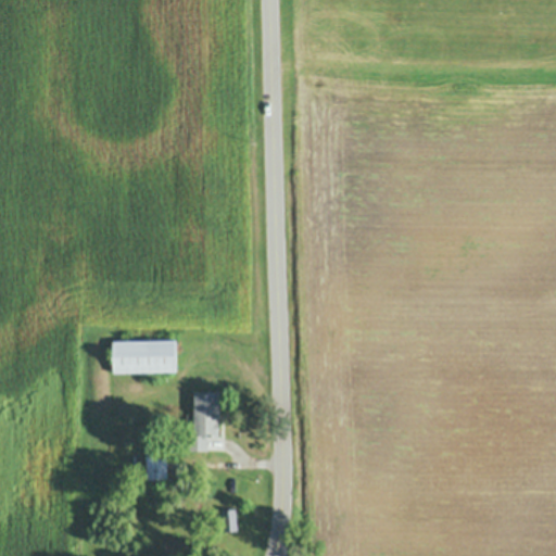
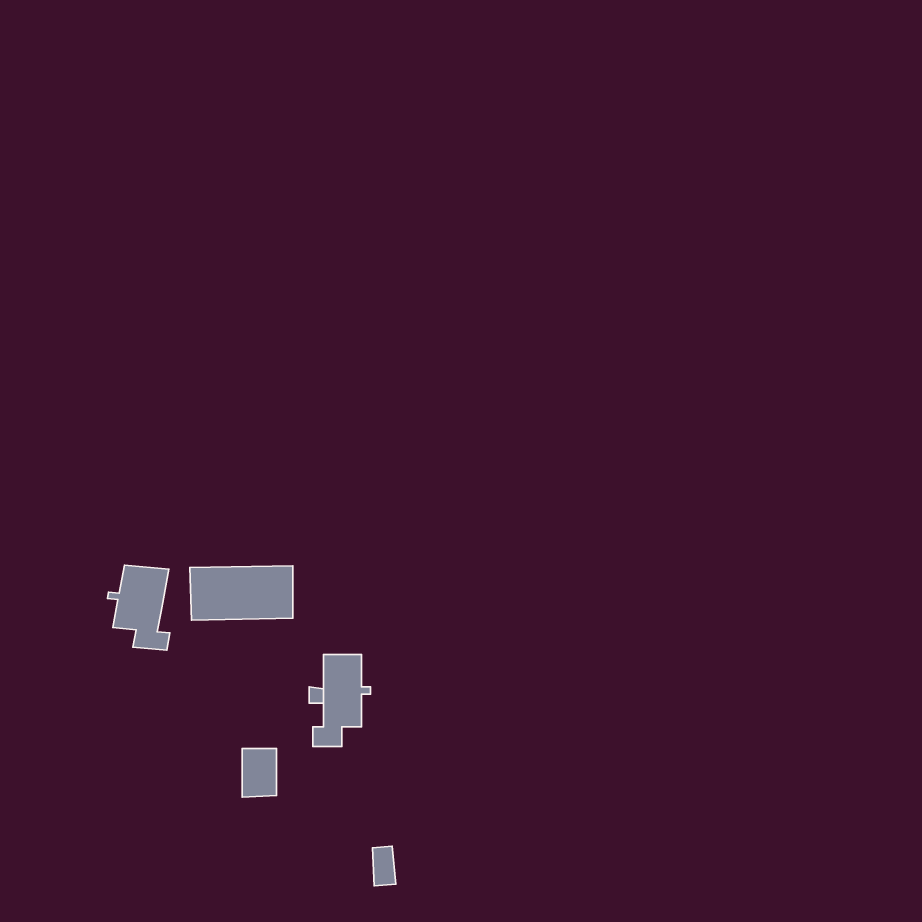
building: none -> [107,565,170,650]

